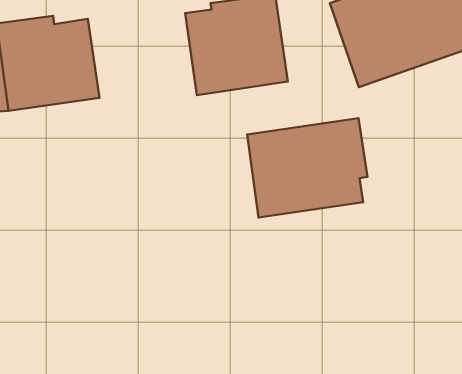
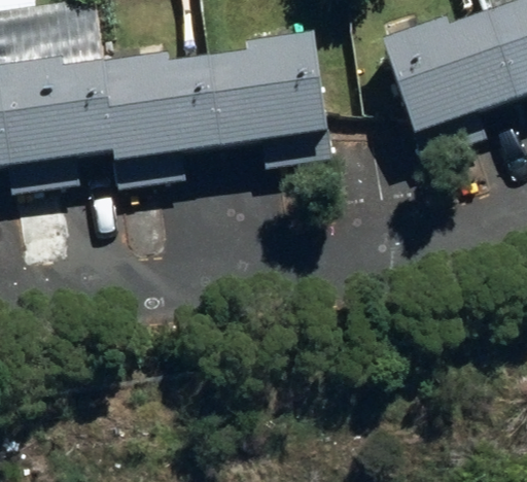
building: none -> [101,56,224,167]
building: [247,118,368,217] -> none

